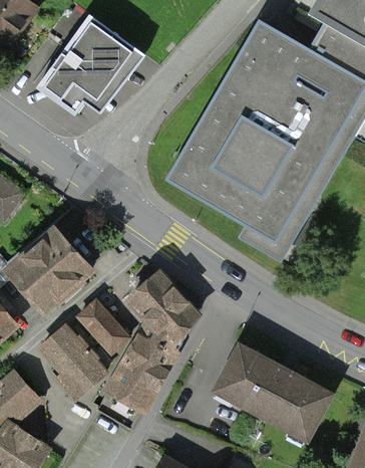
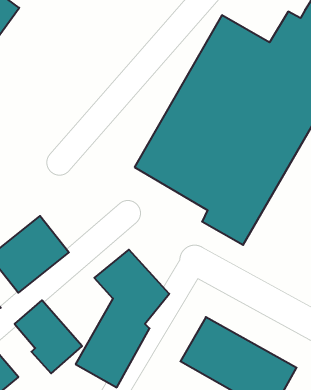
building: [36,16,142,115] -> none
building: [73,297,130,356] -> none

